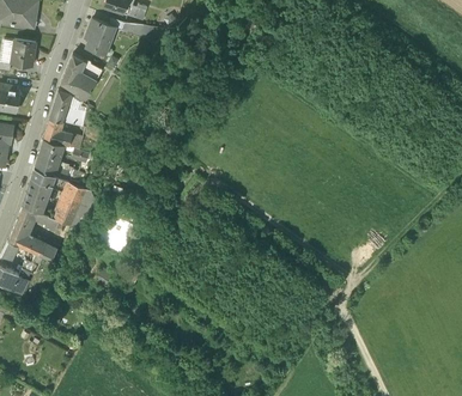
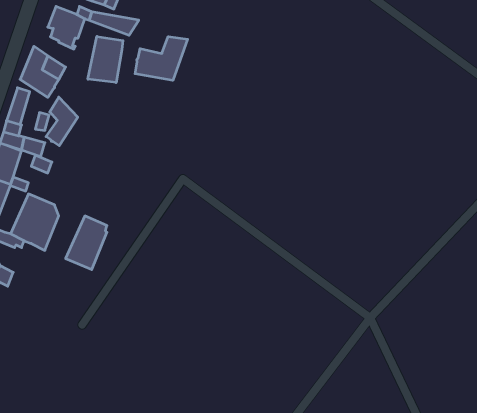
building: none -> [88,36,123,83]
building: none -> [135,37,188,80]
building: none -> [46,97,78,146]

